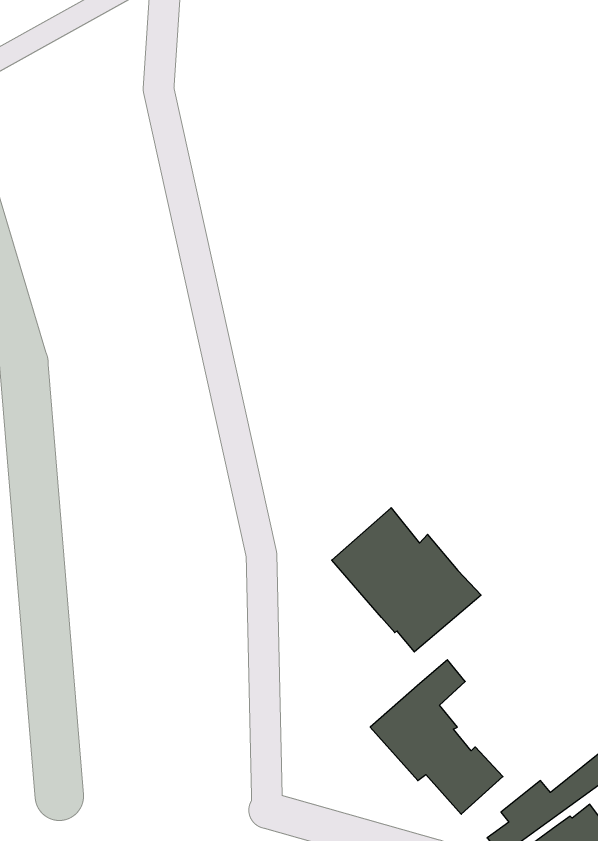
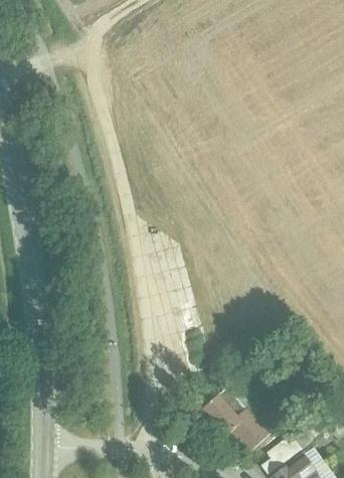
building: [332,508,481,652] -> none

